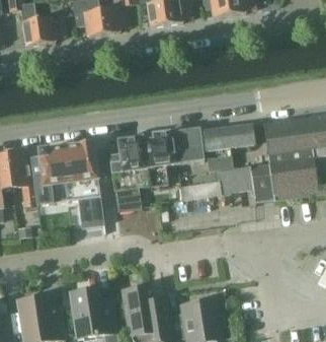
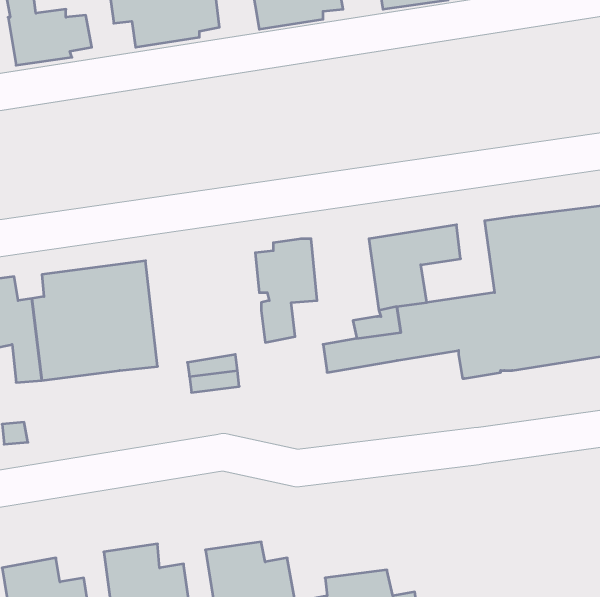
building: [175,129,206,163] -> none
building: [106,134,154,191] -> none
building: [78,197,100,225] -> none

